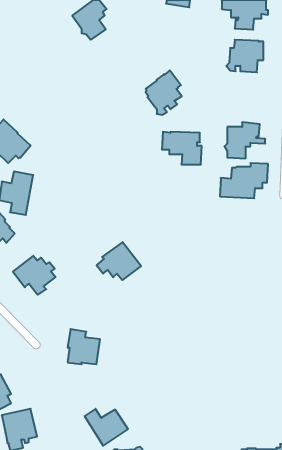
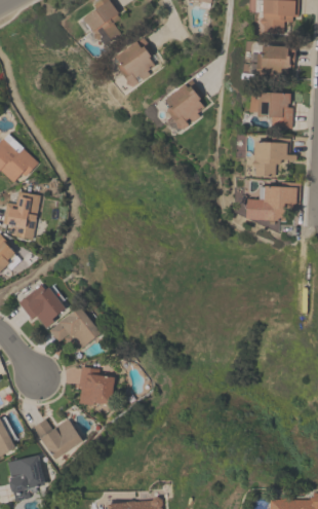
building: none -> [115,38,154,86]
building: [162,132,202,164] -> [248,93,292,129]
building: [97,242,141,280] -> [51,305,101,348]
building: [85,409,128,446] -> [33,419,81,460]

